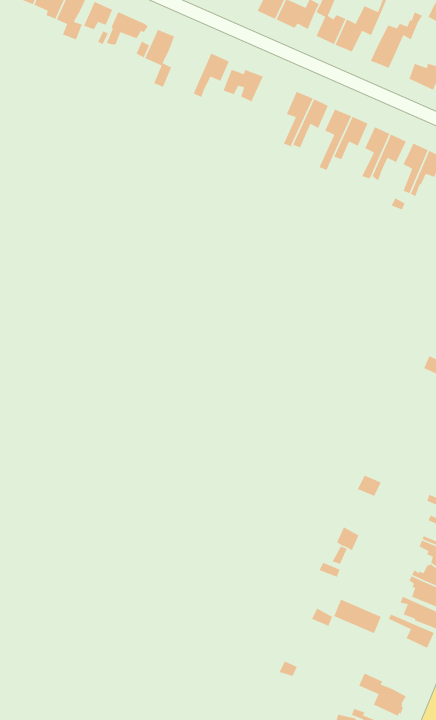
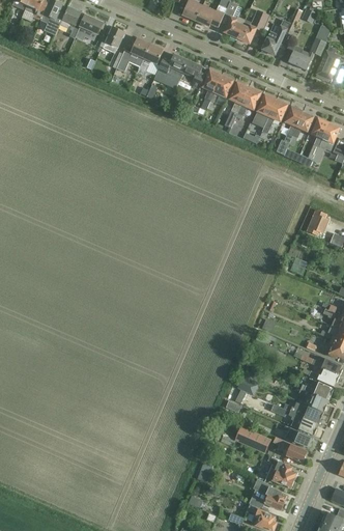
building: none -> [116,37,149,71]
building: none -> [178,59,204,89]
building: none -> [268,454,296,487]

